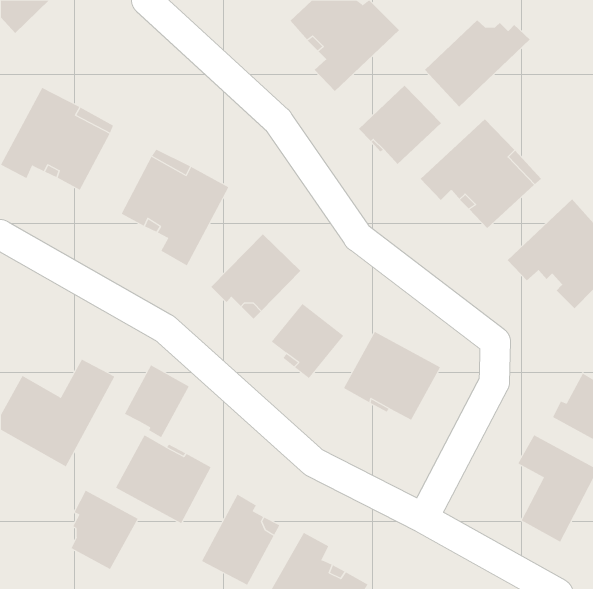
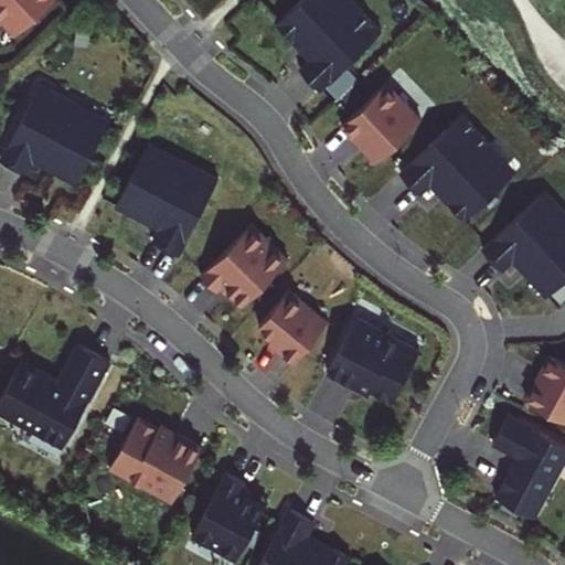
building: [424,20,530,107] -> none
building: [124,365,189,438] -> none
building: [71,490,139,570] -> none

